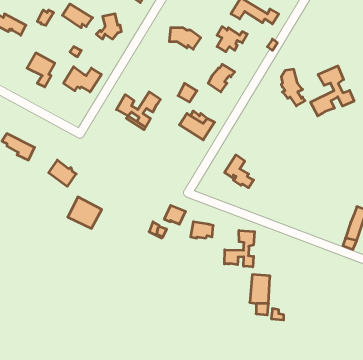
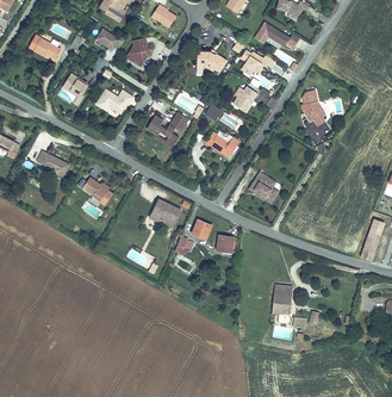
building: [311,66,354,116] -> none
building: [68,197,102,228] -> [149,198,181,228]
building: [224,230,255,267] -> none

